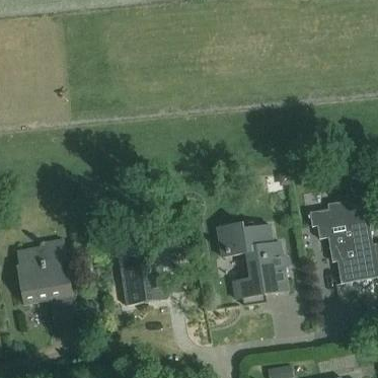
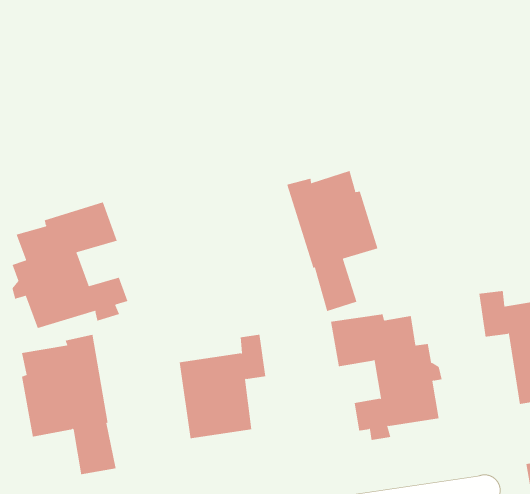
building: none -> [286,170,378,312]
building: none -> [12,202,128,329]

